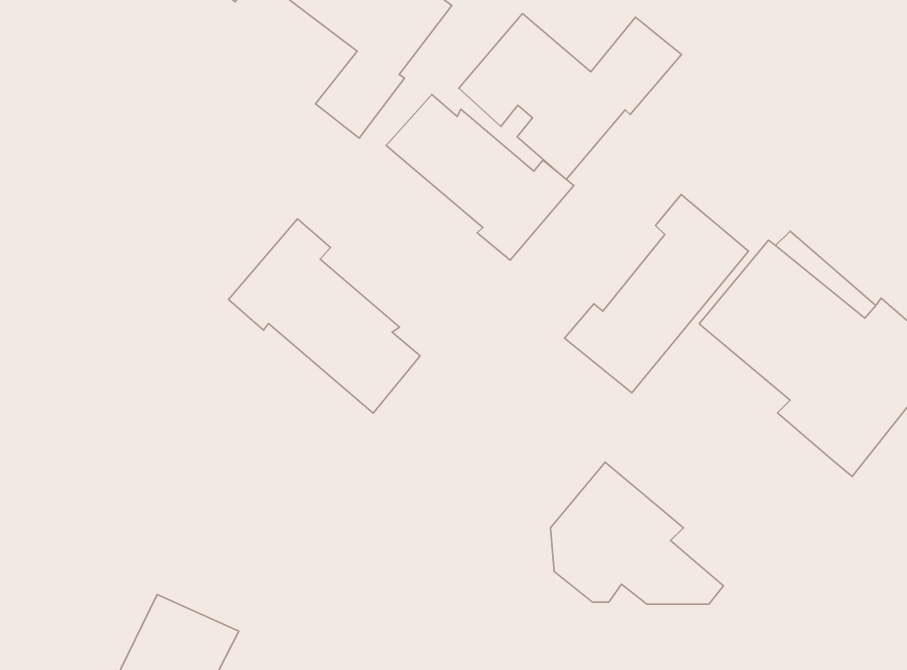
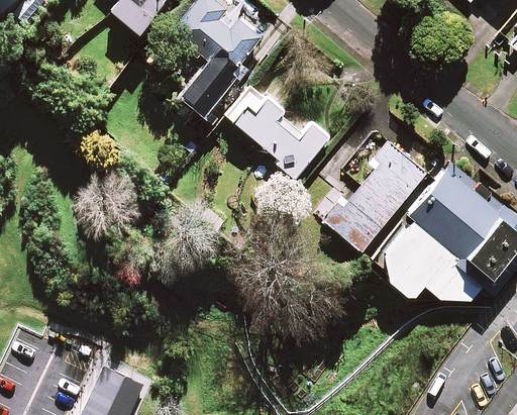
building: [459,14,681,179] -> none
building: [229,219,420,413] -> none
building: [551,462,723,604] -> [377,219,473,298]

